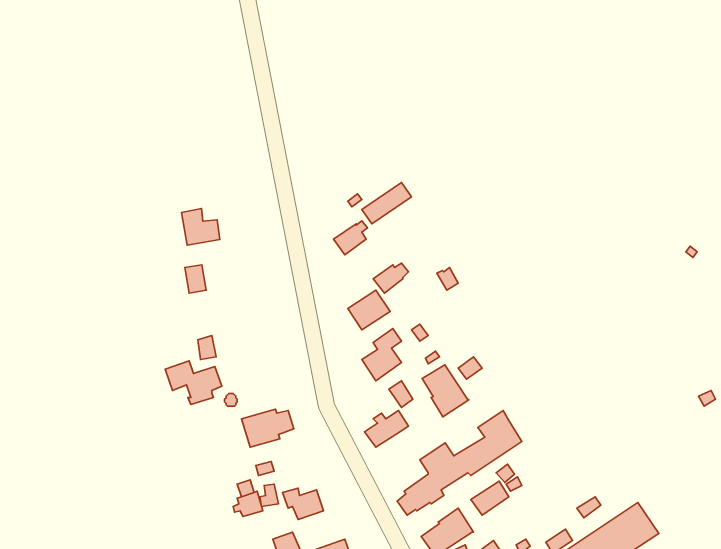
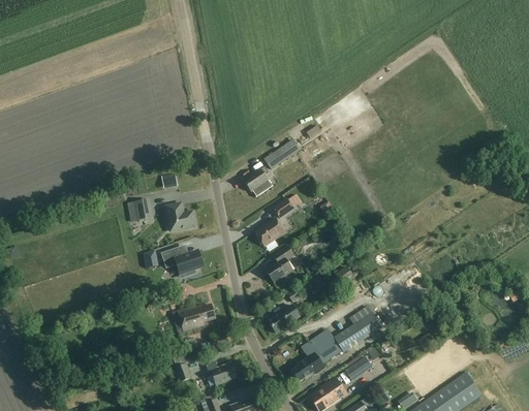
building: [182,208,220,245] -> [167,202,195,229]
building: [165,361,222,405] -> [161,247,203,279]
building: [422,365,469,417] -> none

